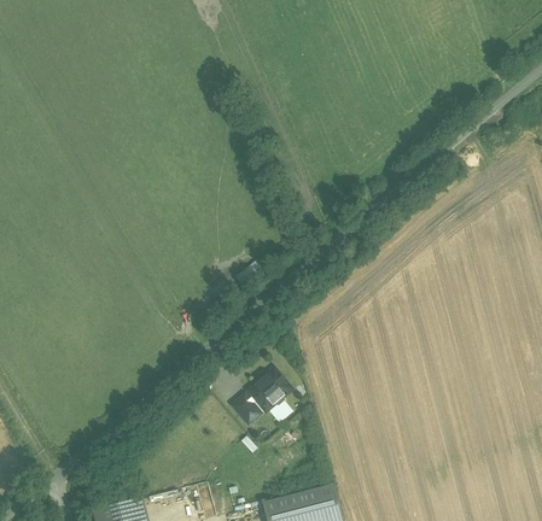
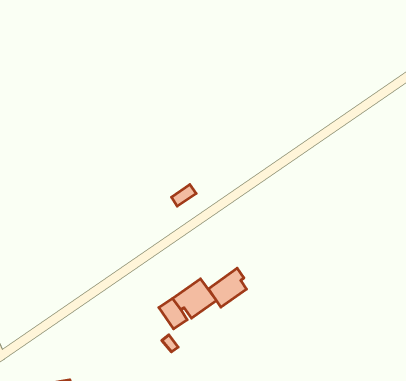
building: none -> [209,268,247,307]

